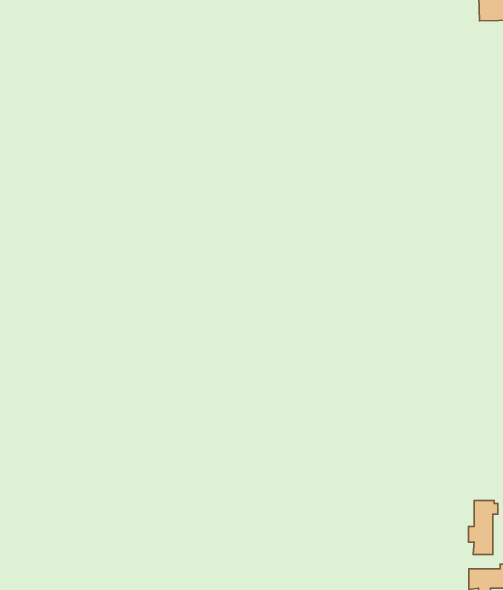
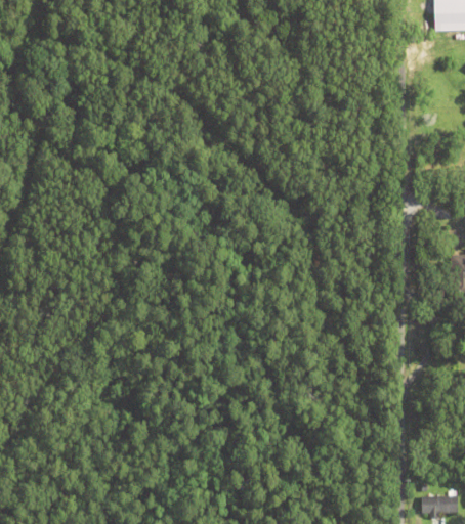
building: [468,500,498,554] -> none

